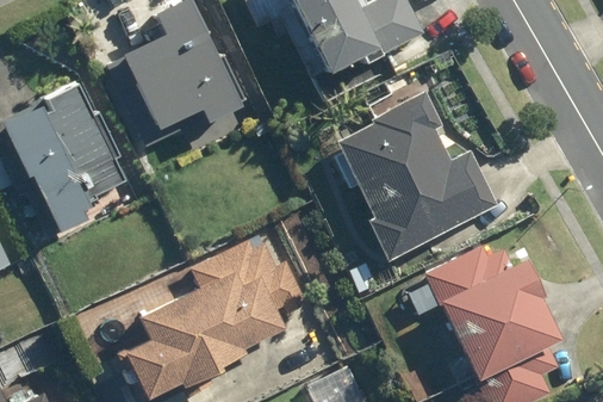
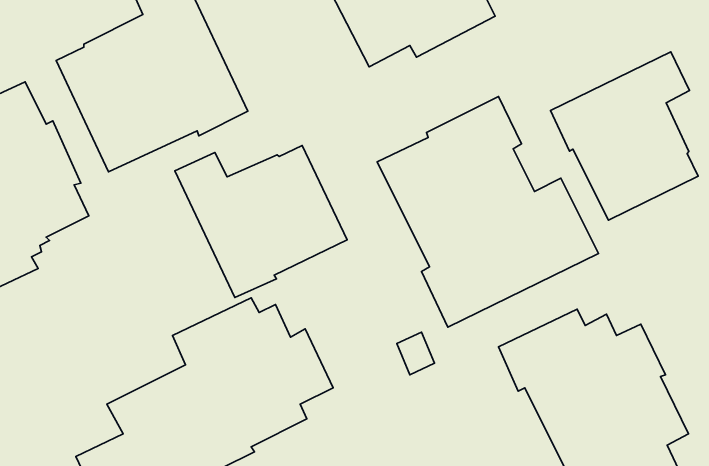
building: none -> [551,52,698,220]
building: none -> [175,146,347,297]

